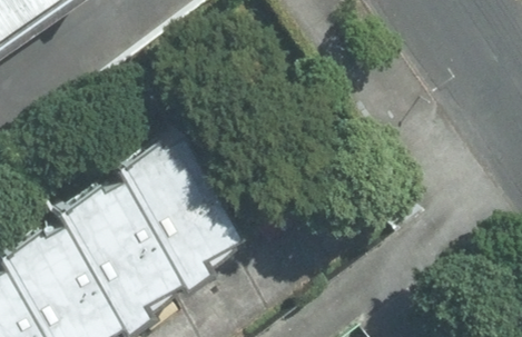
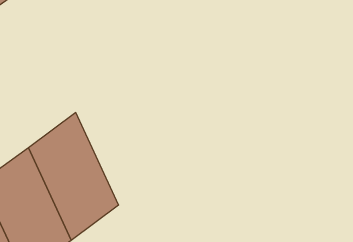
building: [122,115,236,276] -> none

